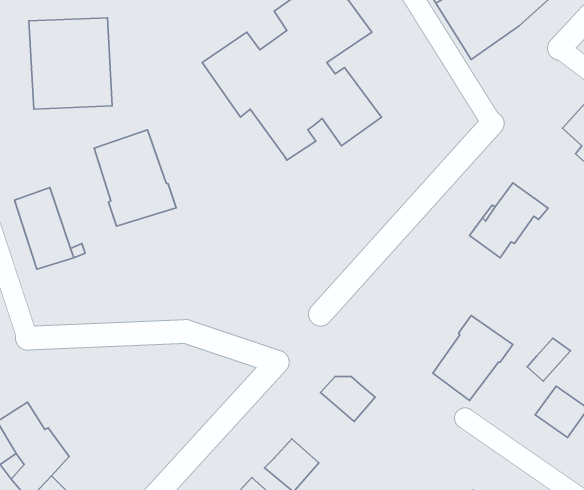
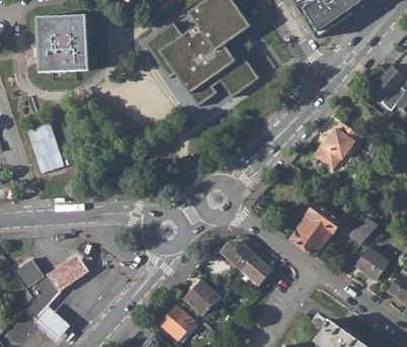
building: [94,130,176,226] -> none
building: none -> [48,253,91,292]
building: none -> [241,255,271,285]

